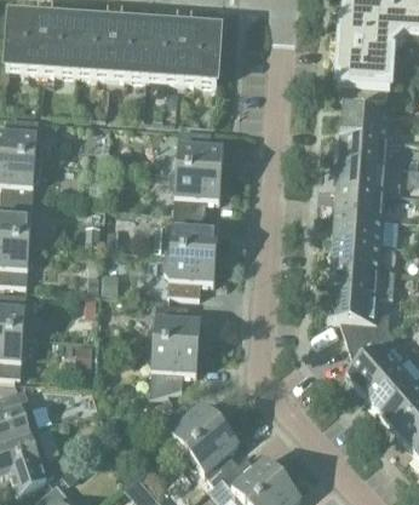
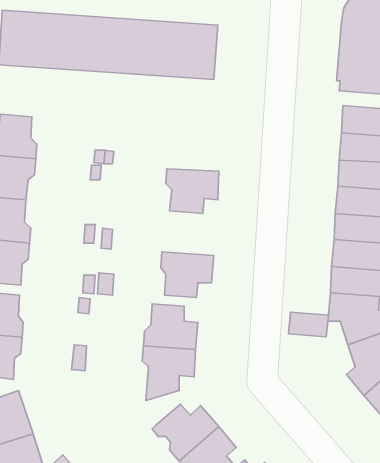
building: [170,128,223,172] -> none
building: [155,211,217,254] -> none
building: none -> [288,312,328,337]

